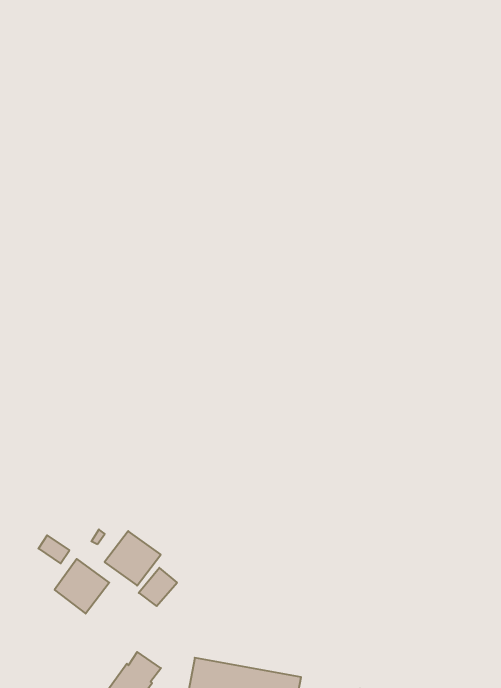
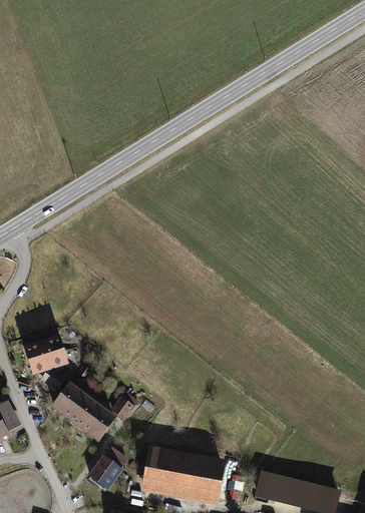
building: none -> [27,340,64,371]
building: [105,531,161,586] -> [75,402,113,439]

